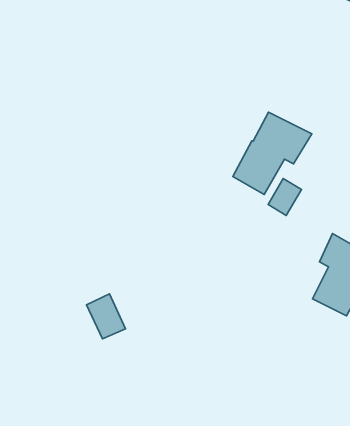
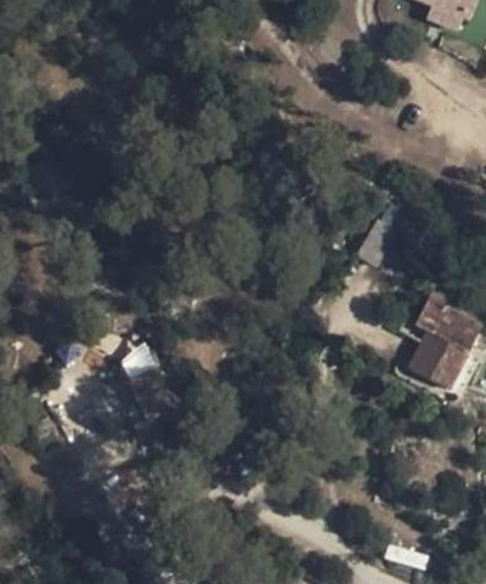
building: [233,112,312,195] -> none

